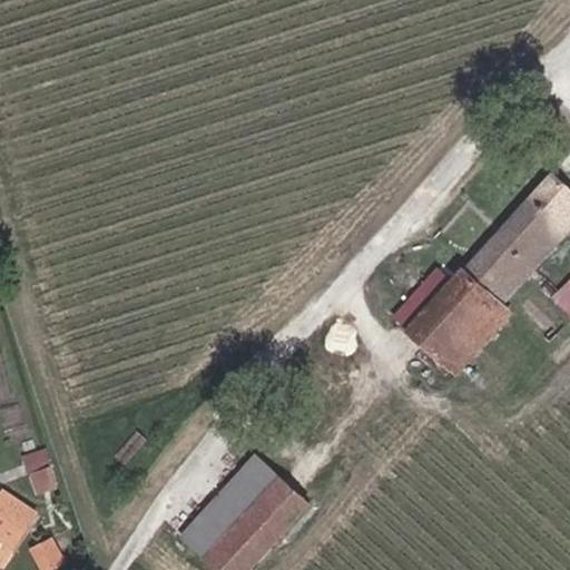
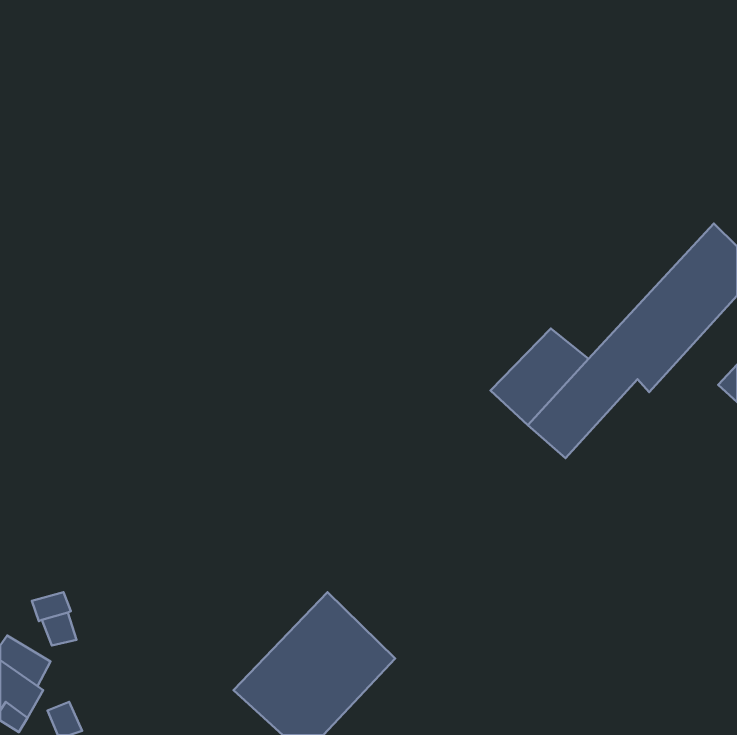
building: [436,293,510,372] -> none

